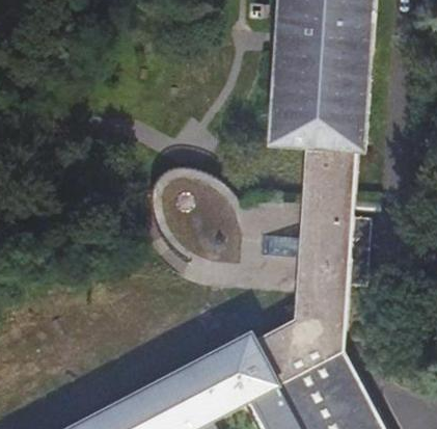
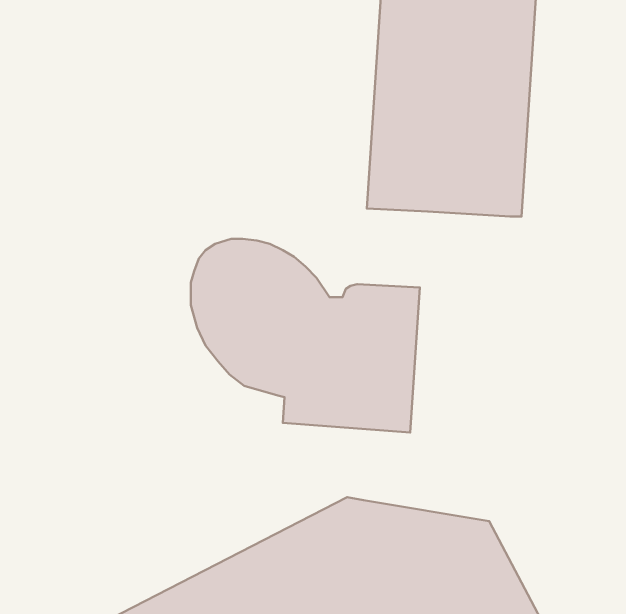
building: [263,150,357,349] -> none

